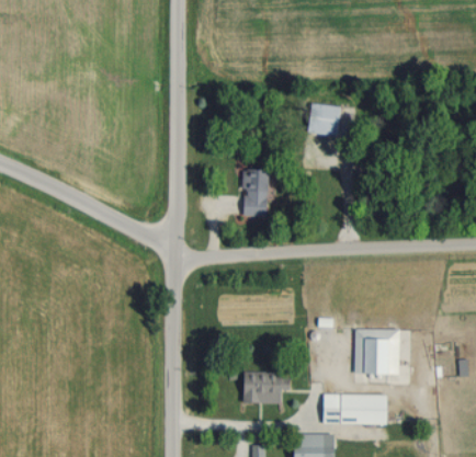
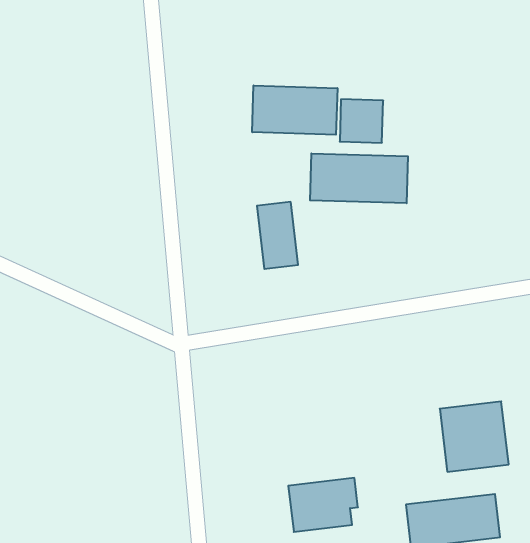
building: none -> [252,85,337,135]
building: none -> [310,153,408,203]

